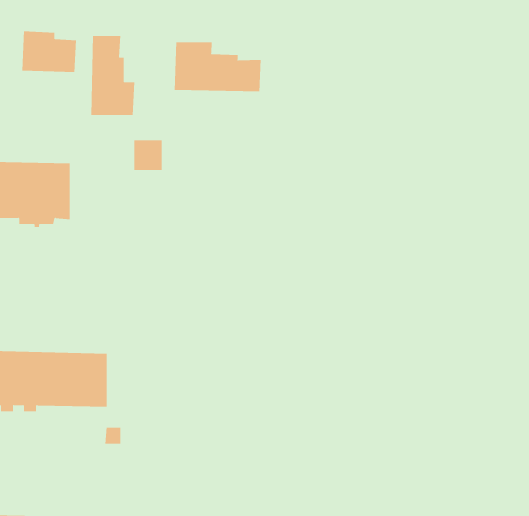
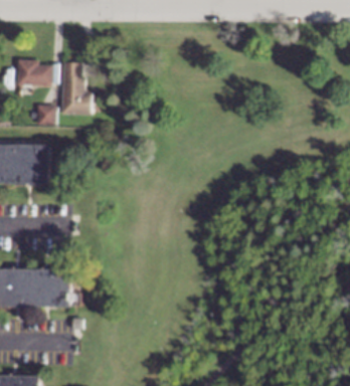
building: [174,41,261,92] -> none
building: [133,140,163,171] -> [36,105,55,125]

